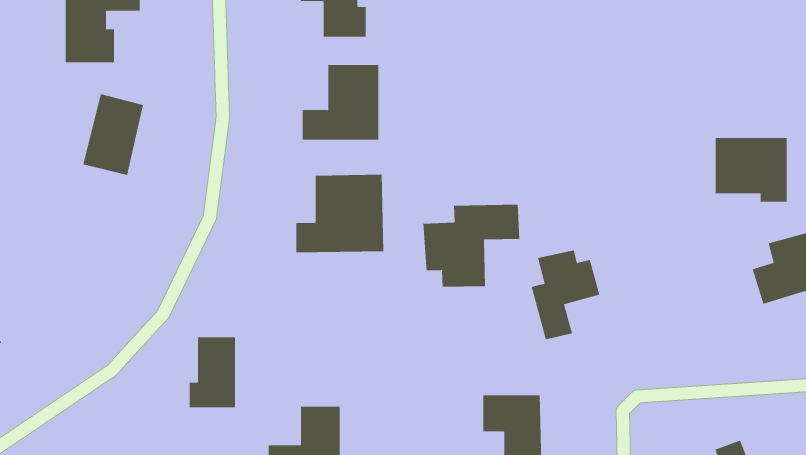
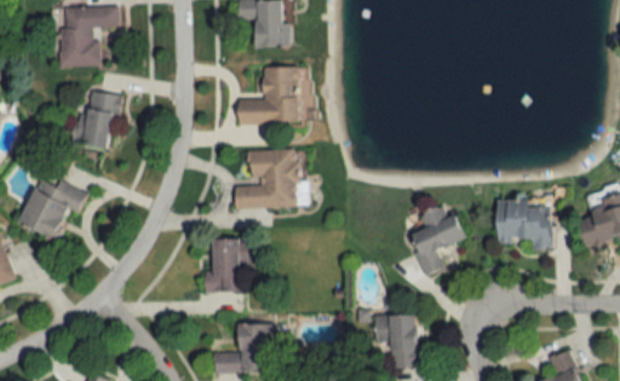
building: [715,138,787,202] -> [496,201,551,249]
building: [423,204,520,288] -> none
building: none -> [18,173,86,239]
building: [189,337,236,408] -> [206,238,241,291]

